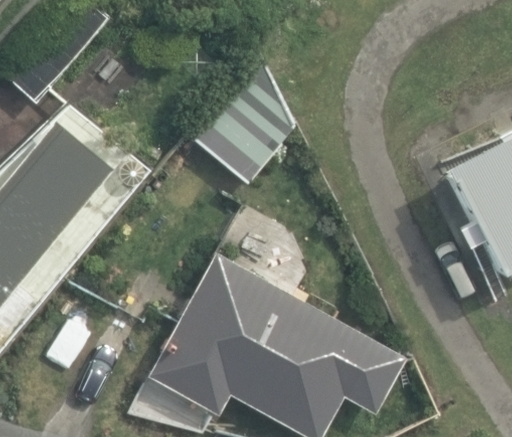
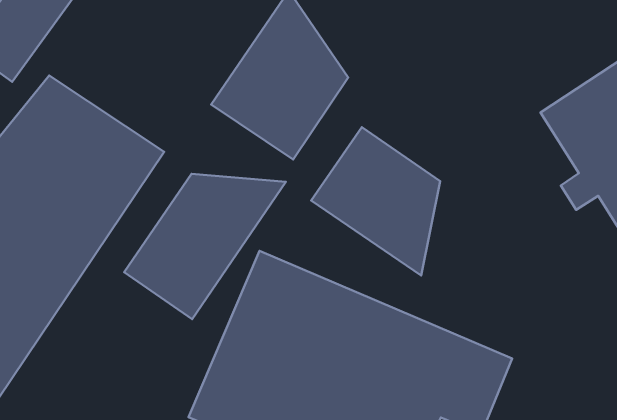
building: none -> [311,127,440,275]
building: none -> [124,174,286,319]

